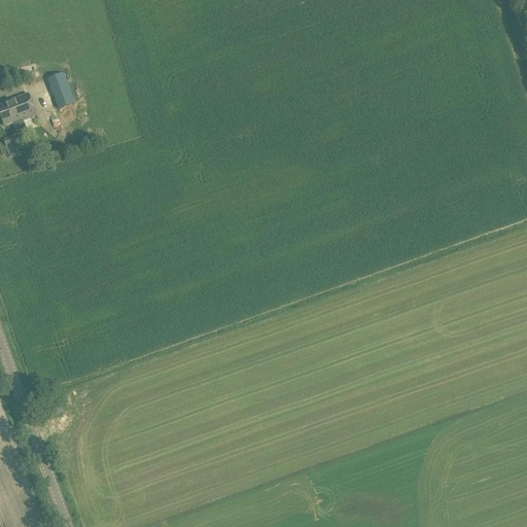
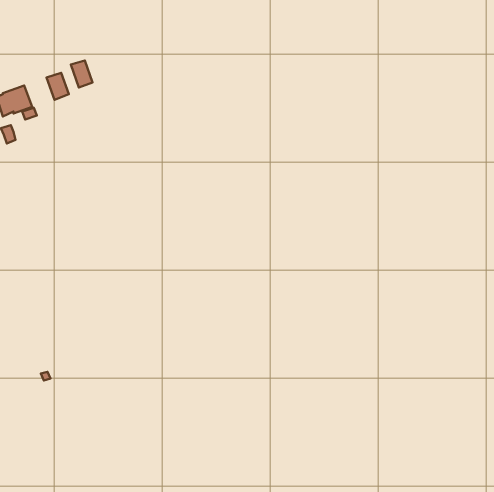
building: none -> [71,61,92,88]

